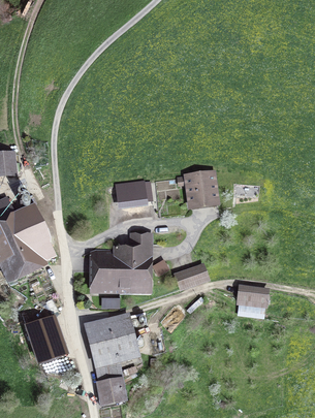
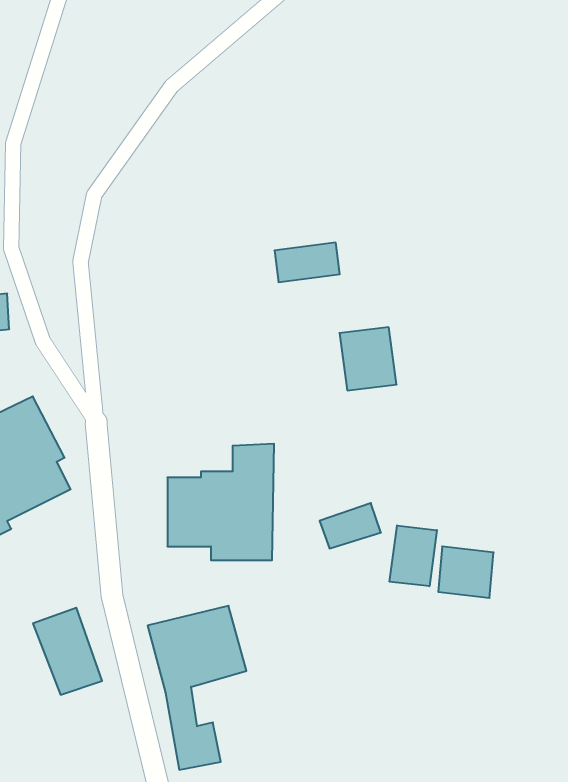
building: [117,181,151,201] -> [274,243,340,282]
building: none -> [390,525,437,586]

